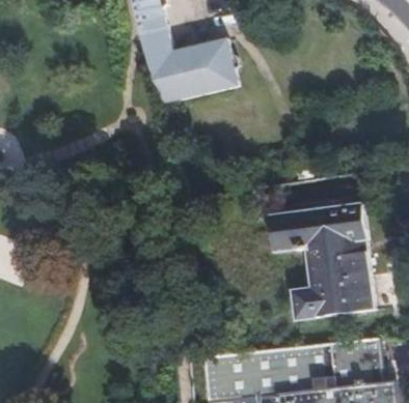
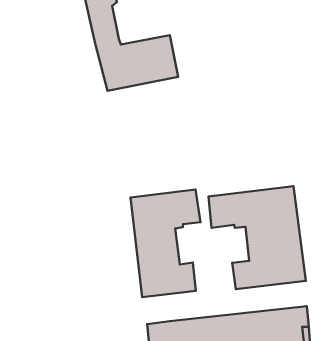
building: none -> [130,189,200,297]

